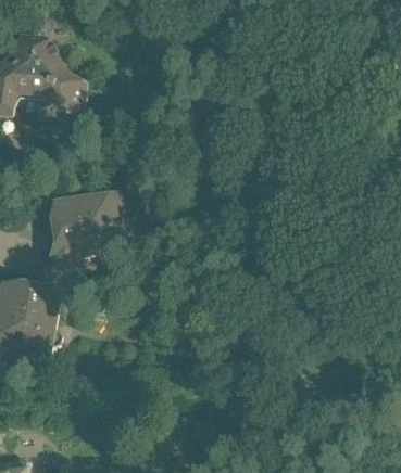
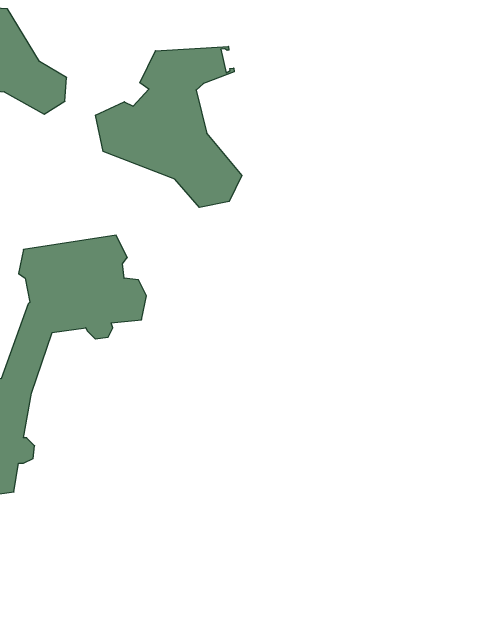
building: none -> [96,46,242,207]

